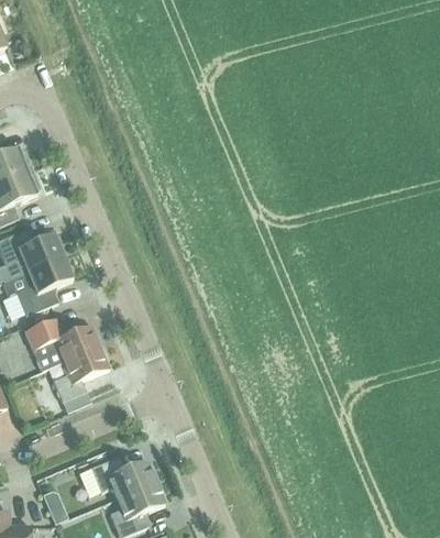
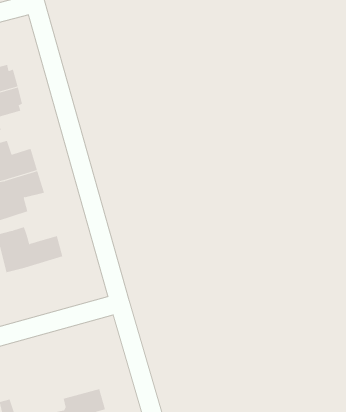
building: [52,345,109,402] -> none
building: [90,455,155,497] -> none

